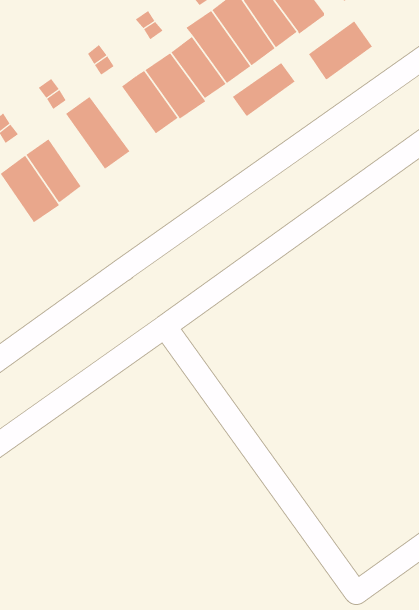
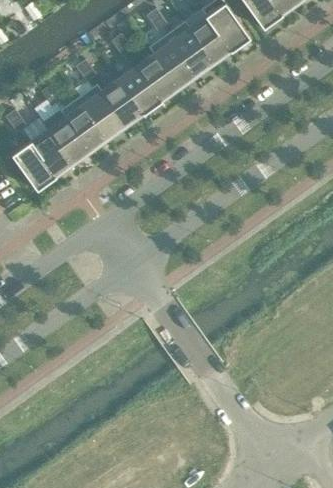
building: [308,21,373,80] -> none
building: [231,62,295,117] -> none
building: none -> [79,84,127,138]
building: none -> [44,110,90,163]

